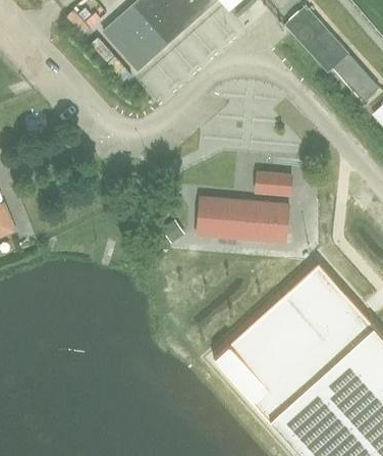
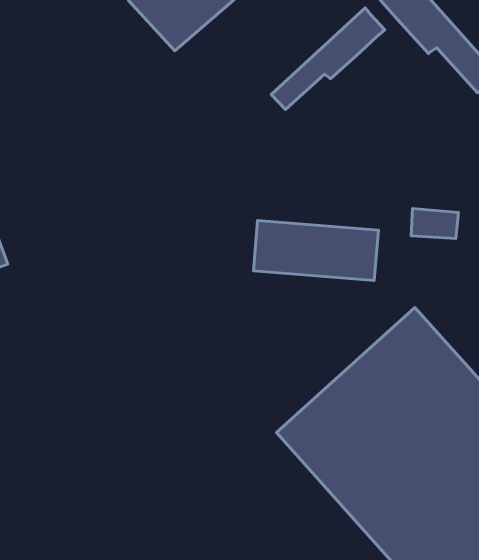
building: none -> [271,8,385,109]
building: [256,172,291,195] -> [411,209,459,238]

